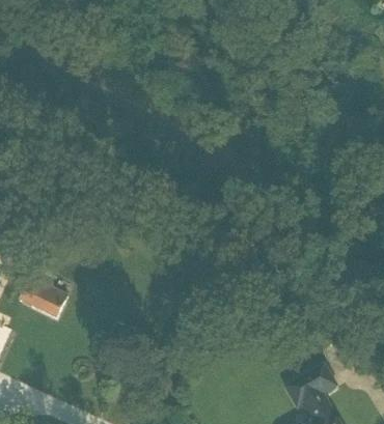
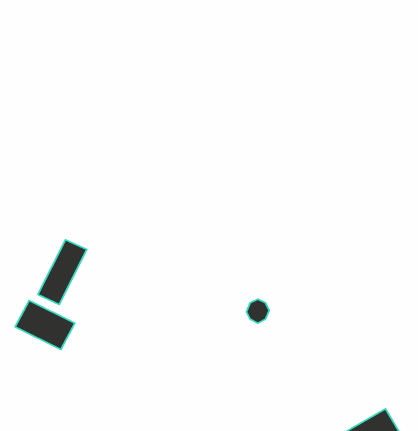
building: none -> [38,240,87,304]

